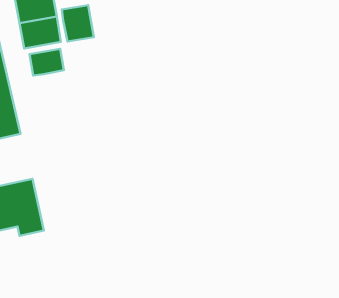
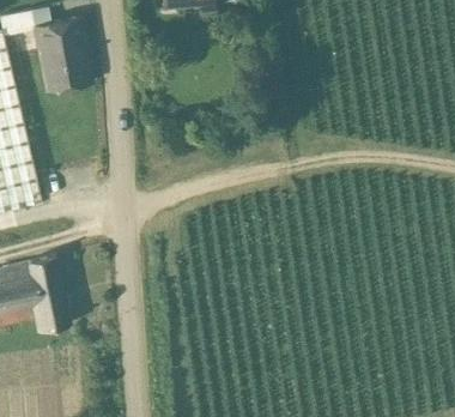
building: [62,5,94,41] -> none
building: [30,49,64,76] -> none

